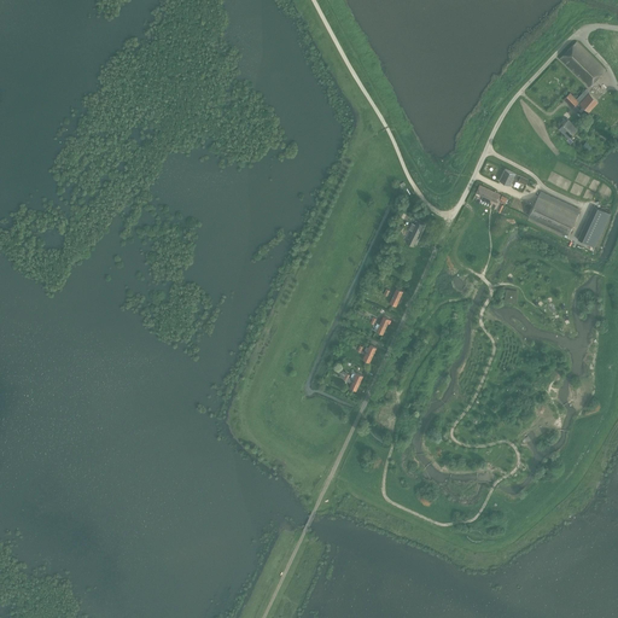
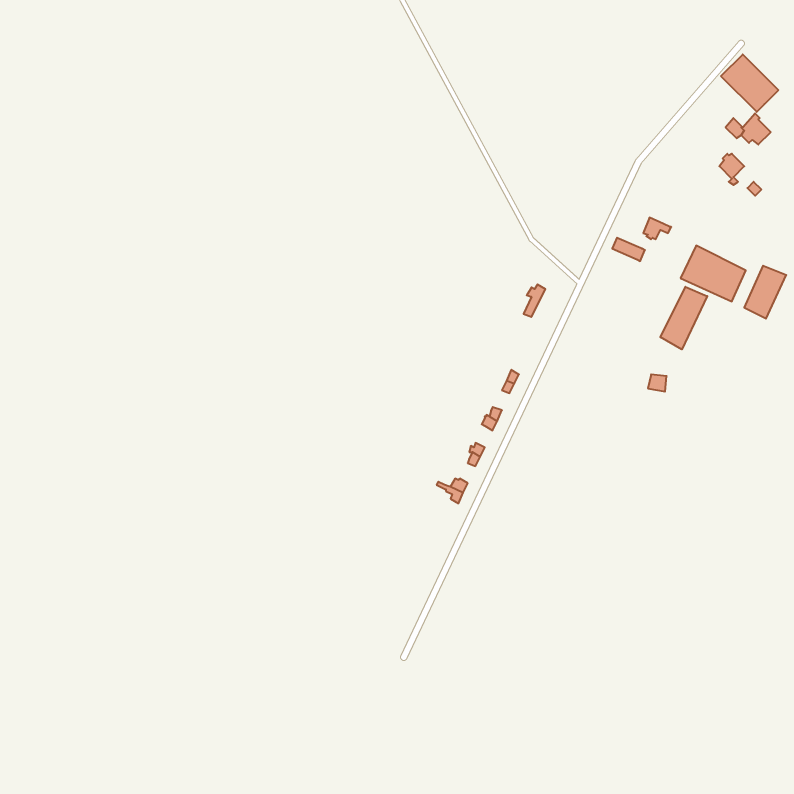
building: none -> [660,287,707,349]

